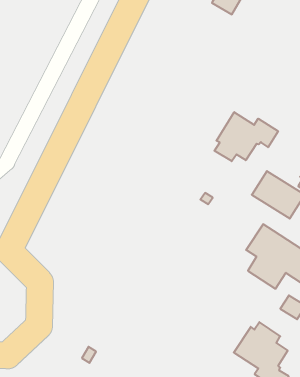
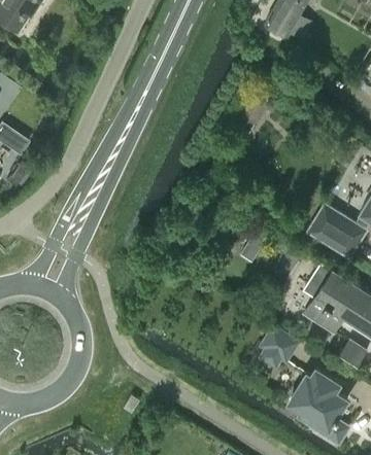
building: [214,112,278,161] -> none
building: none -> [261,331,297,369]

